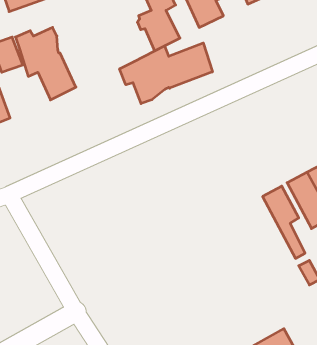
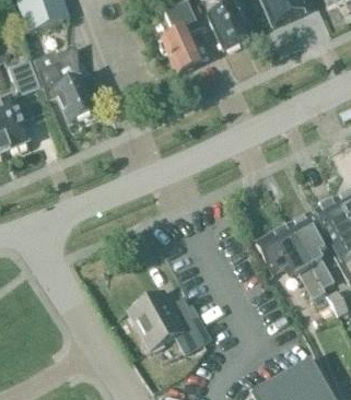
building: [120,43,212,104] -> none
building: none -> [257,223,324,297]
building: none -> [129,292,206,352]

